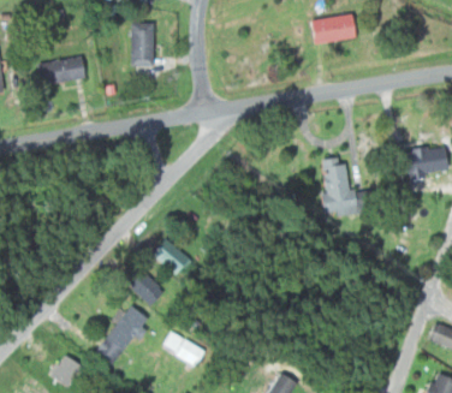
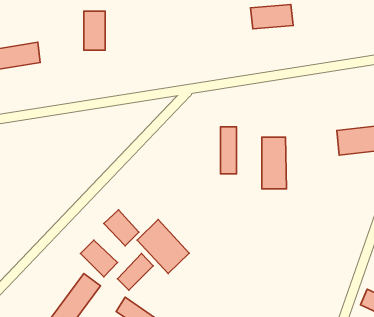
building: none -> [221,127,237,174]
building: none -> [137,220,189,274]
building: none -> [117,253,153,290]

